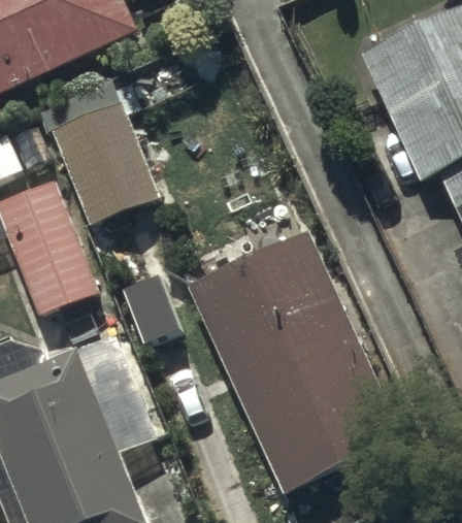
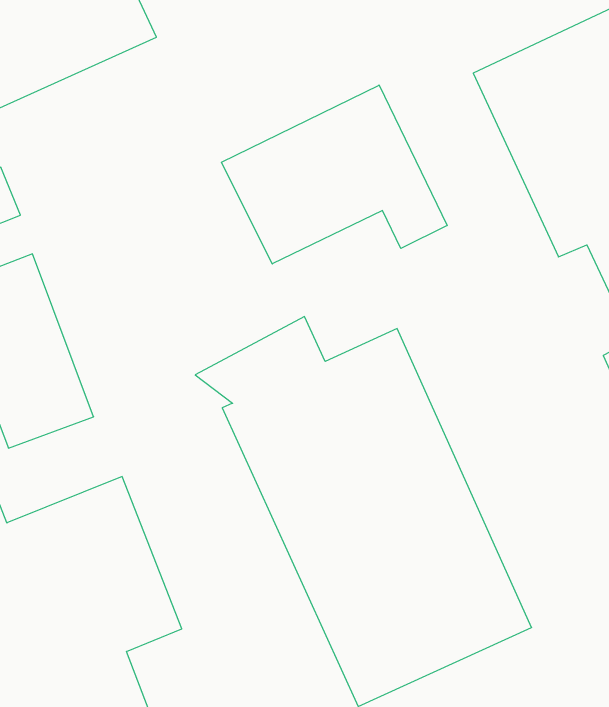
building: none -> [222,85,447,264]
building: [54,100,159,223] -> none

